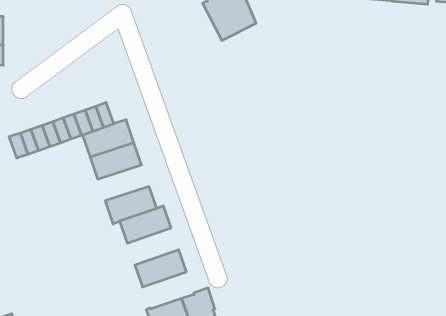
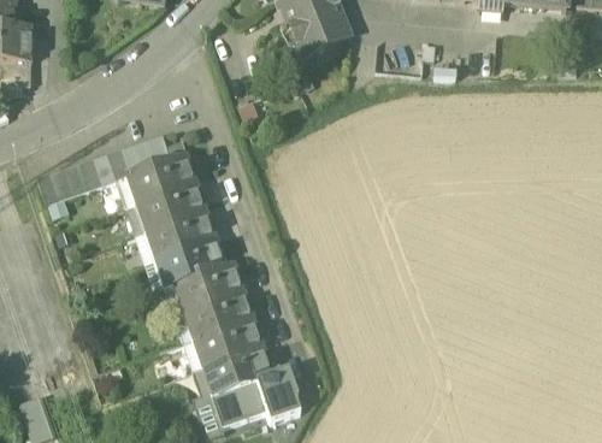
building: none -> [148,211,213,256]
building: none -> [185,290,250,337]
building: none -> [205,345,270,392]

